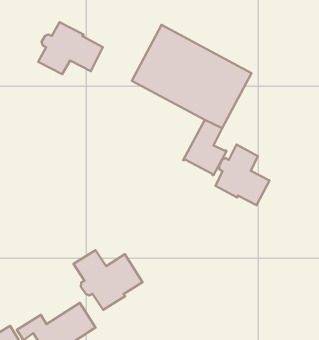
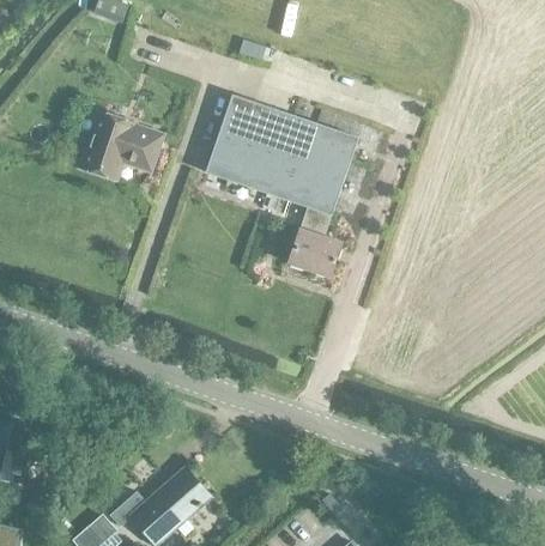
building: [216,145,270,205] -> none
building: [73,250,142,310] -> none

